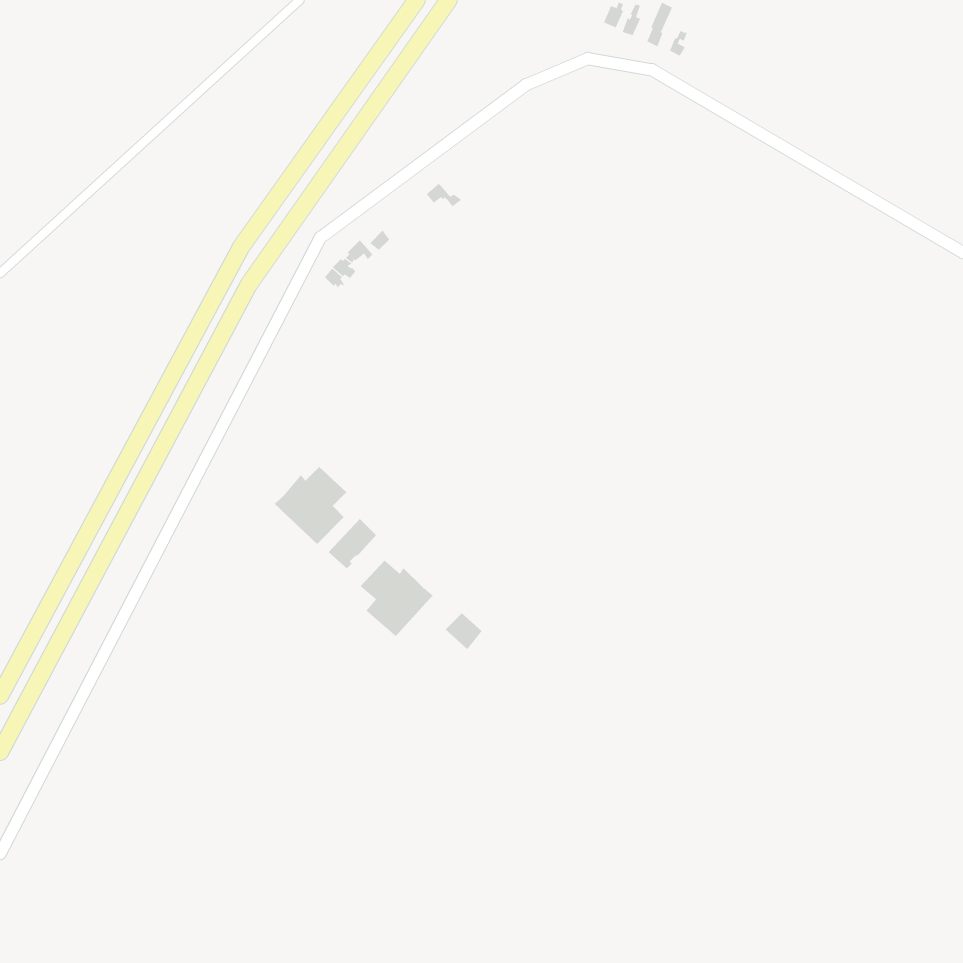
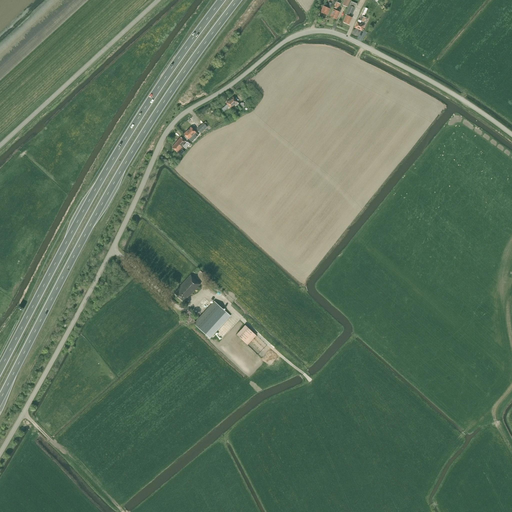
building: [274,466,347,545] -> none

